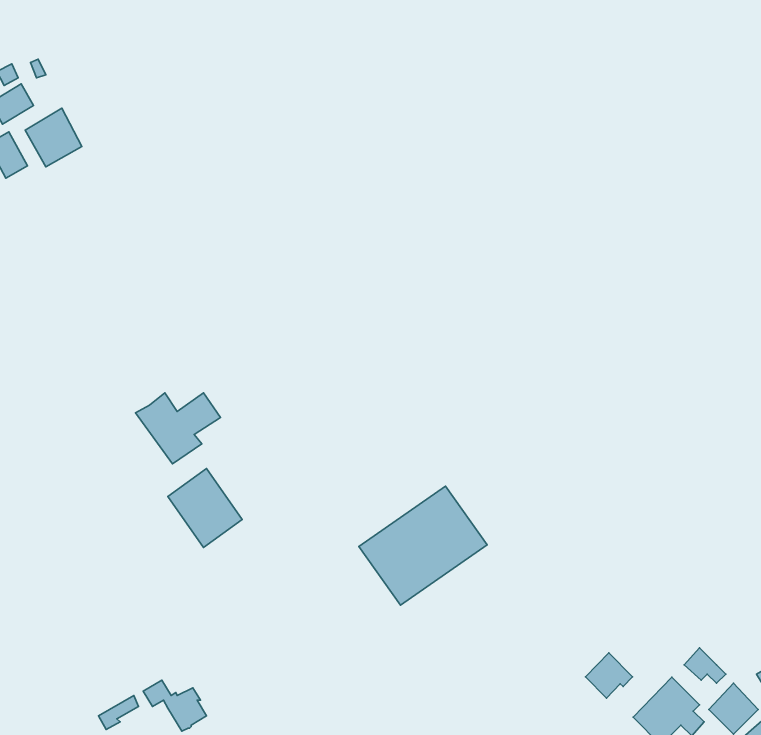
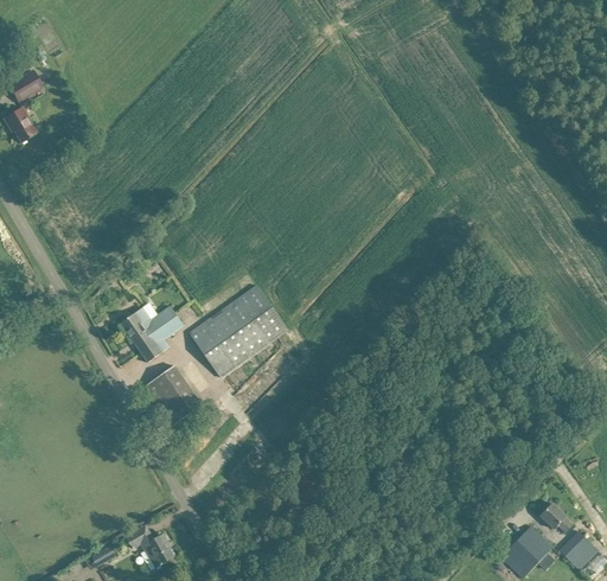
building: [25,108,82,167] -> none
building: [359,486,487,605] -> [190,285,288,376]
building: [586,653,633,698] -> none

